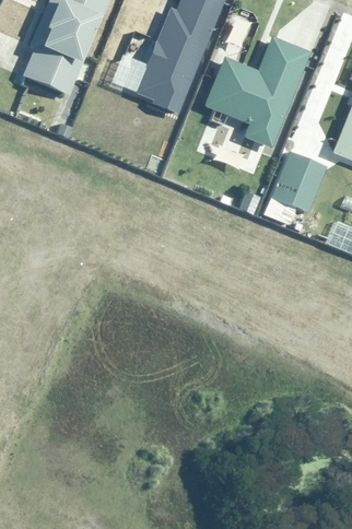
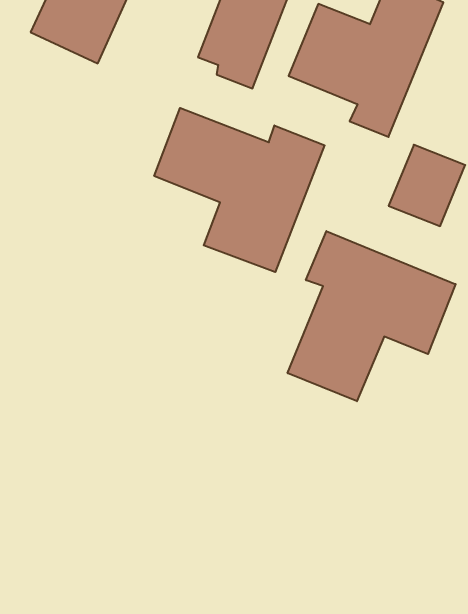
building: none -> [154,108,325,272]
building: none -> [288,231,456,401]

